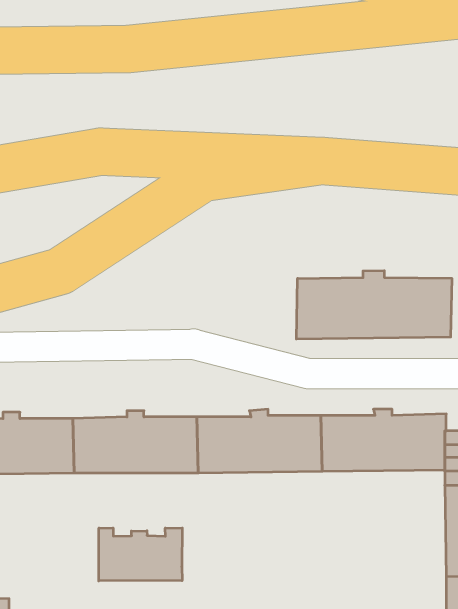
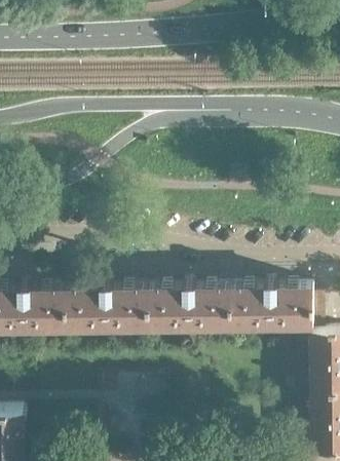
building: [296,271,452,339] -> none
building: [99,528,182,581] -> none

